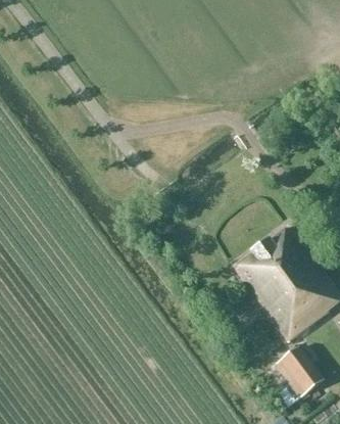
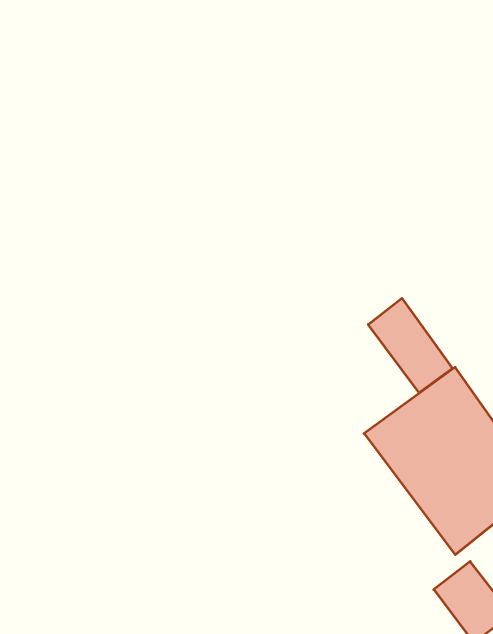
building: none -> [368,298,453,393]

